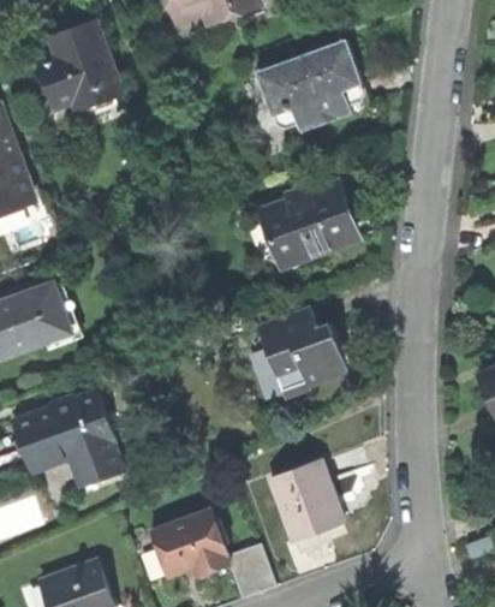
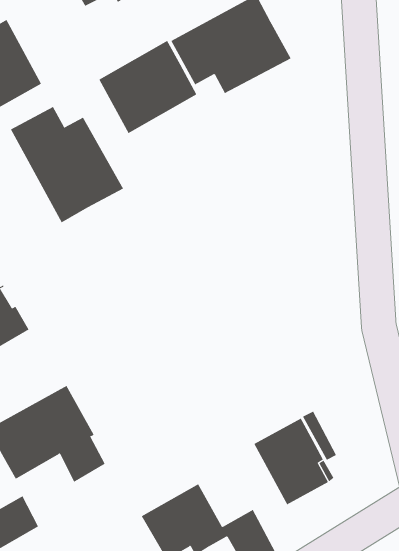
building: none -> [10,106,124,223]
building: [258,183,352,268] -> [99,40,197,134]
building: [240,309,346,404] -> none

